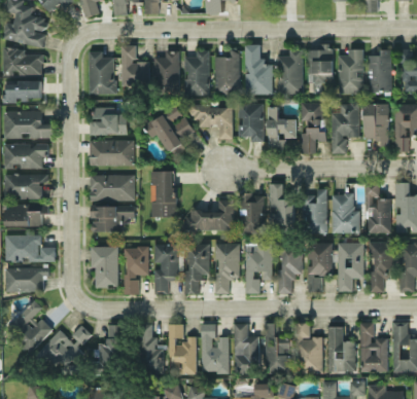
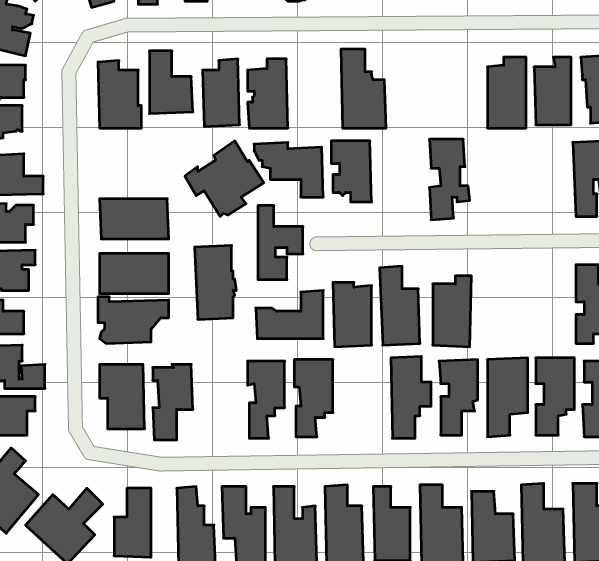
building: [308,43,333,93] -> none
building: [277,49,303,96] -> none
building: [214,50,240,96] -> none
building: [332,102,358,152] -> none
building: [363,103,388,147] -> none
building: [90,106,128,135] -> none
building: [268,106,297,153] -> [258,206,303,280]
building: [364,184,389,232] -> none
building: [332,192,359,232] -> none
building: [245,243,272,293] -> none
building: [154,244,177,292] -> none

